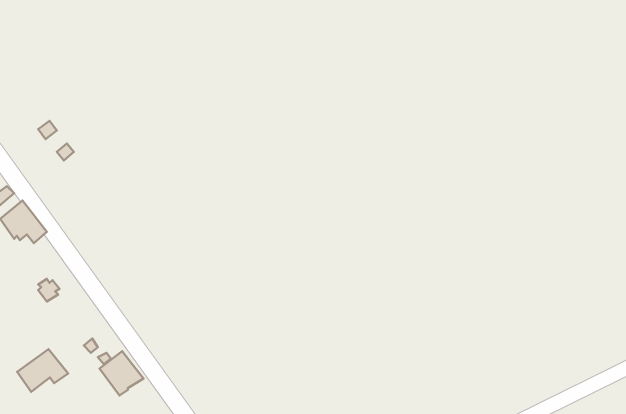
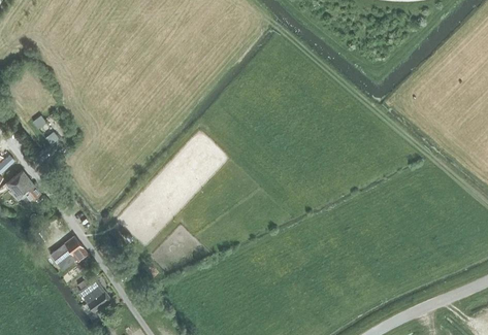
building: [17,349,68,392] -> [50,235,87,266]

